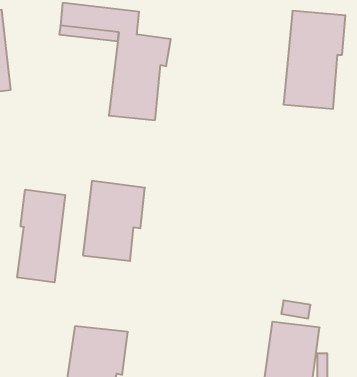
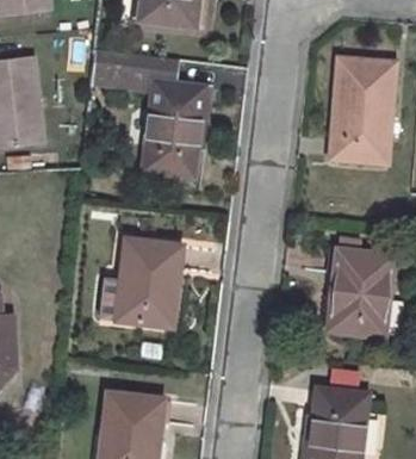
building: [17,190,65,282] -> none
building: none -> [331,250,392,336]

